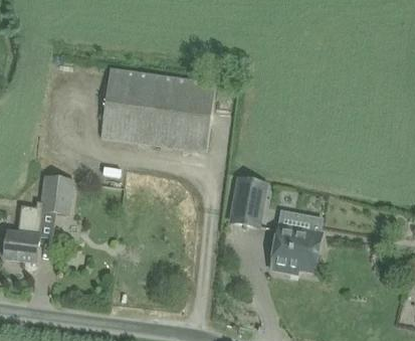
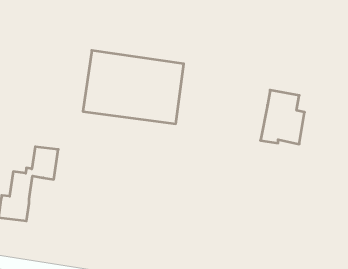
building: [231,178,266,226] -> none
building: [270,211,321,273] -> [260,90,305,144]

